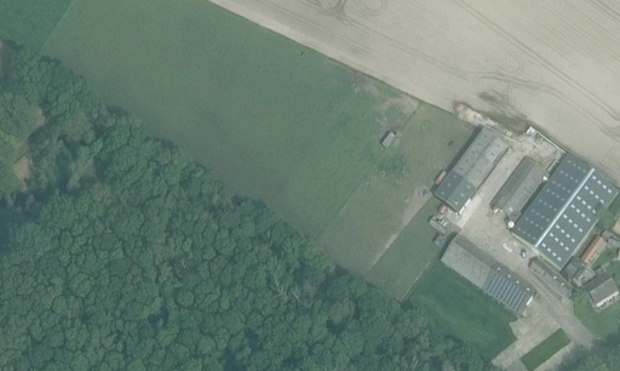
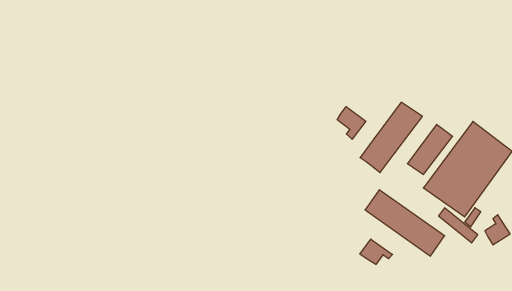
building: none -> [337,107,366,139]
building: none -> [360,239,393,265]

